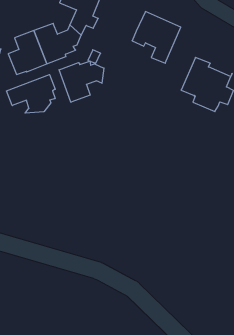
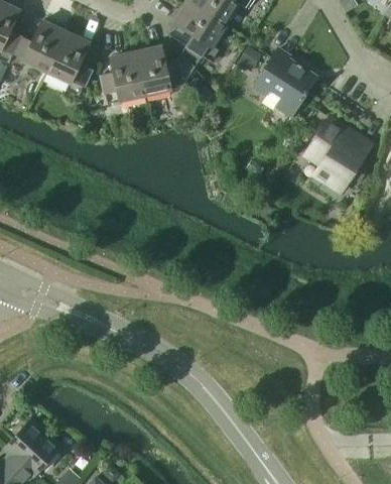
building: [59,61,104,102] -> none
building: [7,75,55,113] -> none

